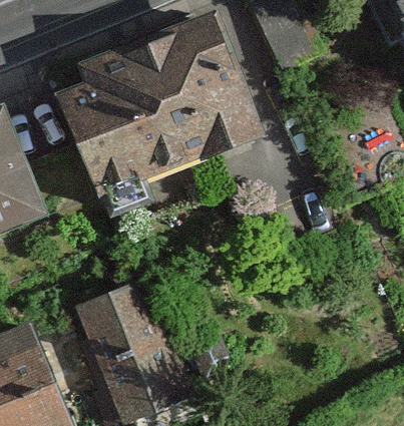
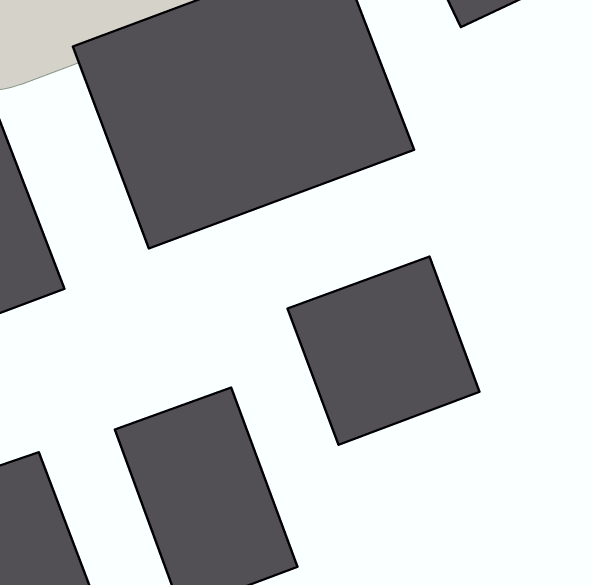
building: none -> [287,256,479,445]

